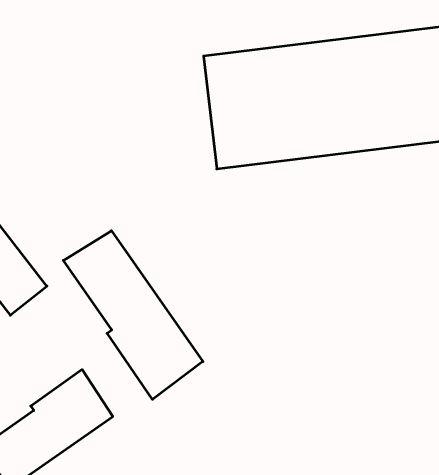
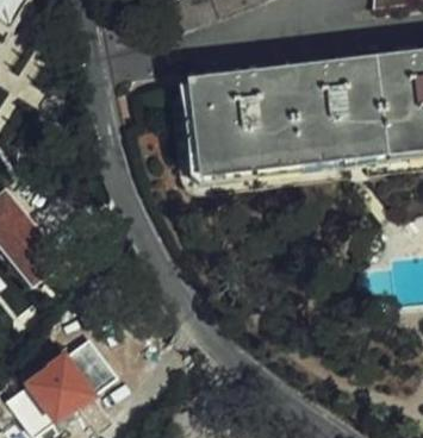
building: [63,231,203,399] -> none

